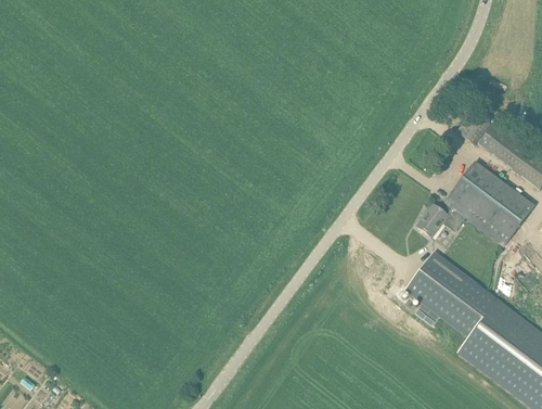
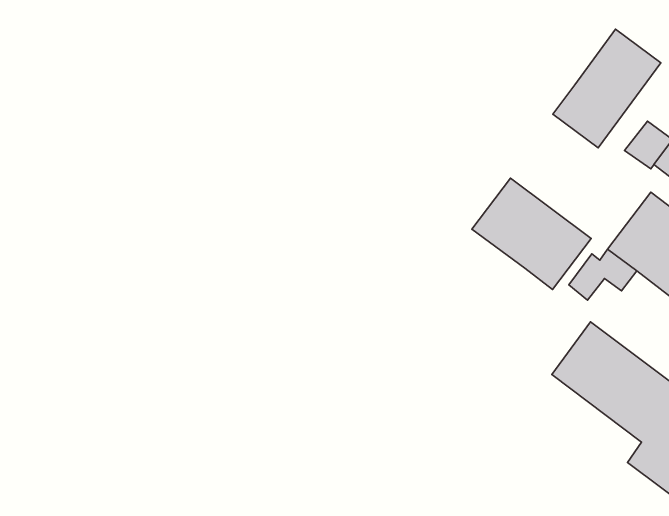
building: none -> [553,29,661,148]
building: none -> [472,178,591,290]

